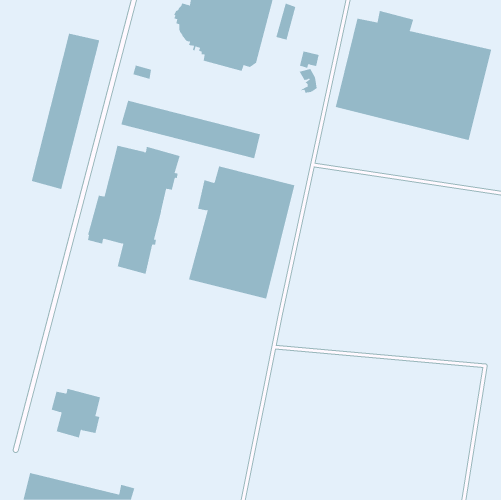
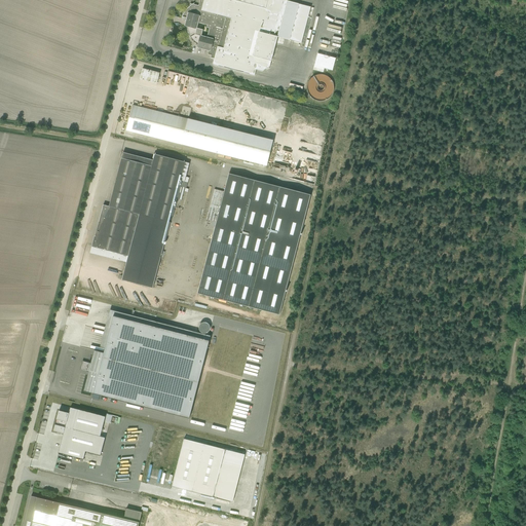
building: [335,10,492,141] -> none
building: [31,33,100,190] -> none
building: none -> [80,309,211,417]
building: none -> [172,438,245,501]

